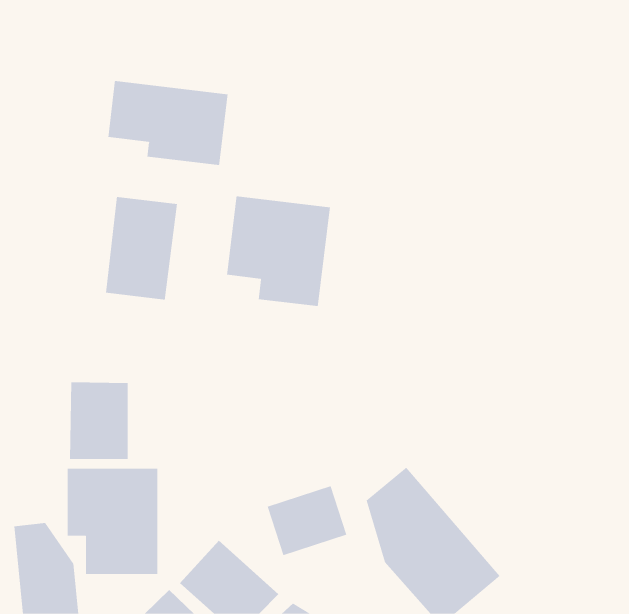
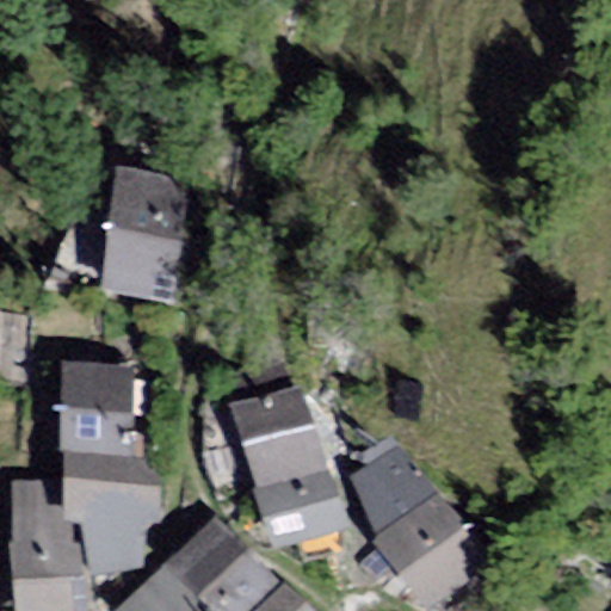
building: [108,80,228,166] -> none
building: [226,195,330,307] -> none
building: none -> [234,388,314,480]

